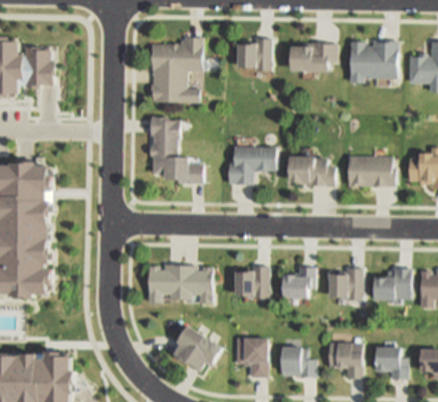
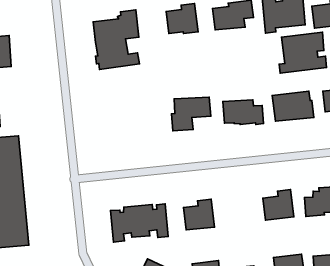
building: none -> [279,32,327,73]
building: [151,115,205,183] -> none
building: [280,269,314,298] -> none

